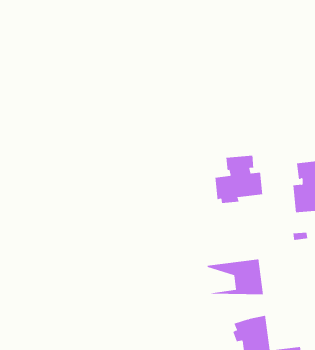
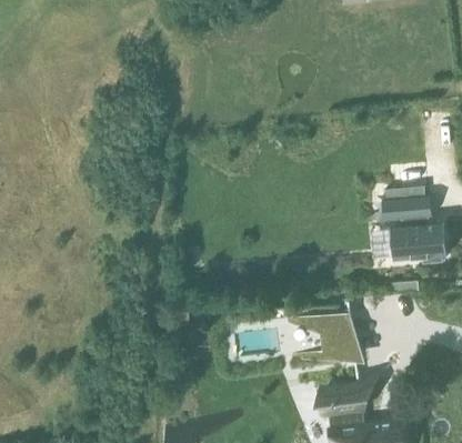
building: [215,155,263,204] -> none

